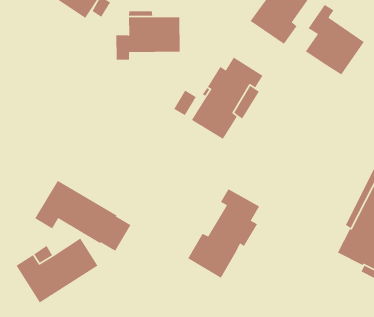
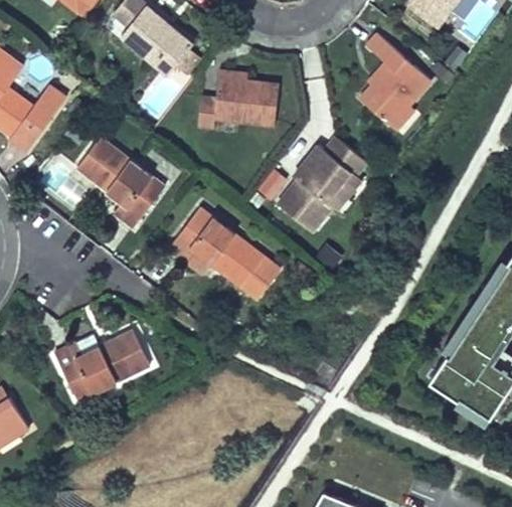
building: [305,4,365,75] -> none
building: none -> [75,137,164,228]
building: [34,180,131,252] -> [167,207,280,299]
building: [187,188,260,279] -> none

